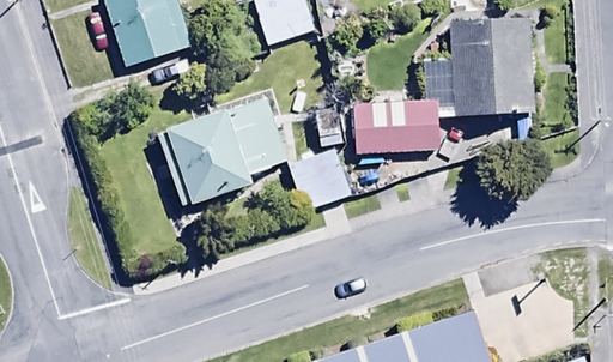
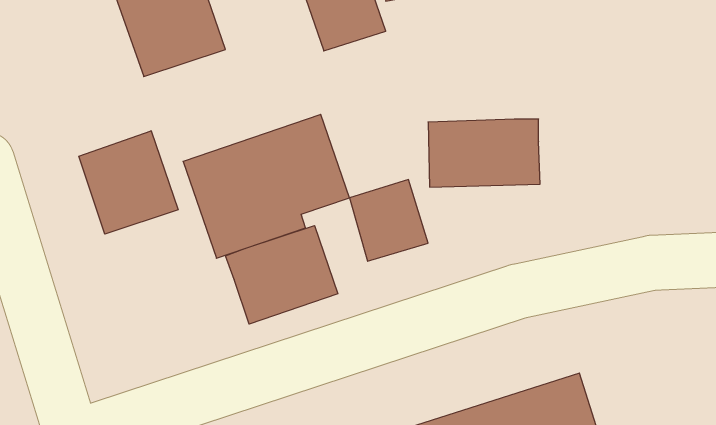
building: [419,20,536,147] -> none
building: none -> [79,131,178,234]
building: none -> [226,226,338,324]

